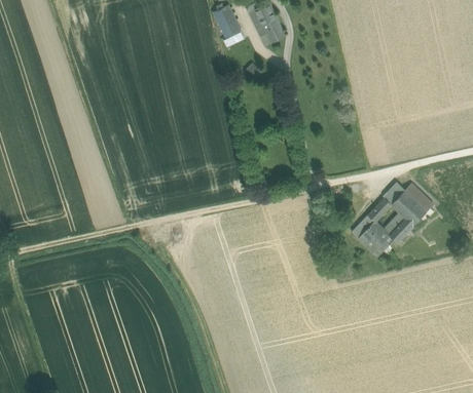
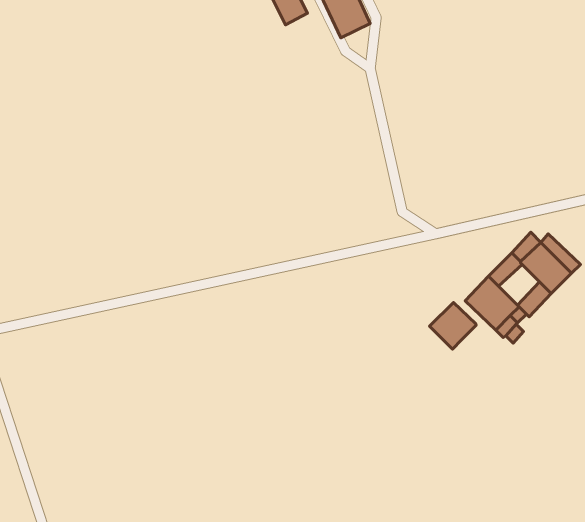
building: none -> [430,302,476,349]

